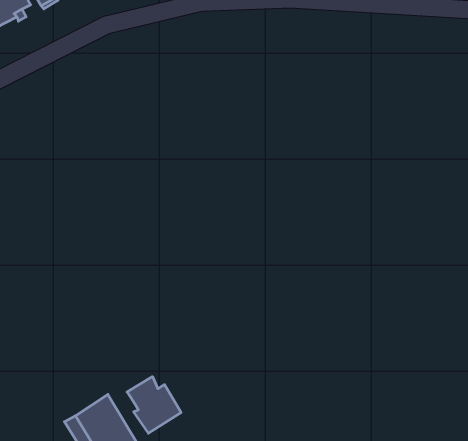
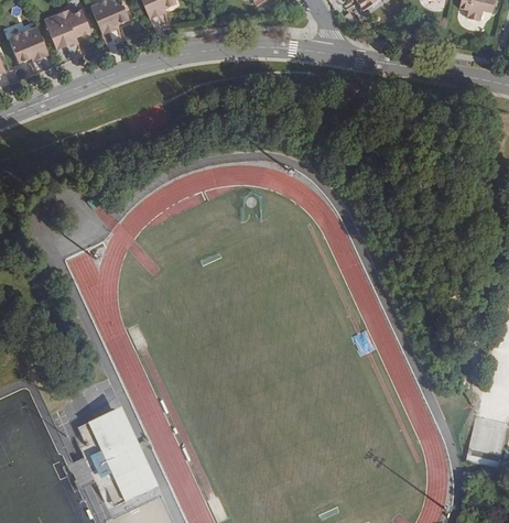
building: [127,377,181,433] -> none

